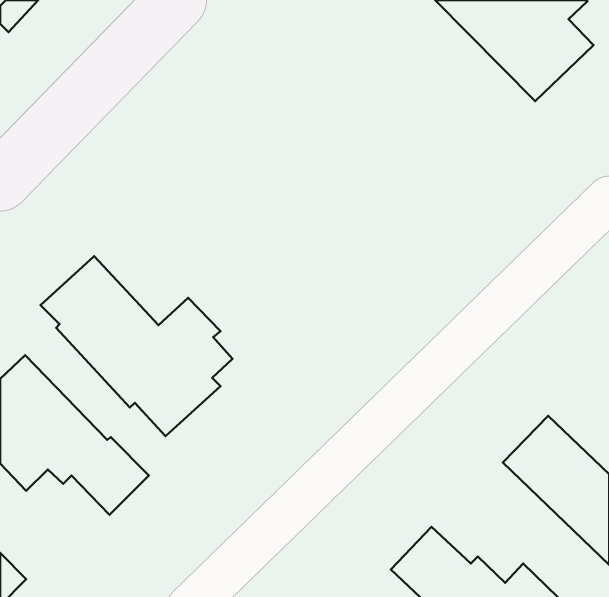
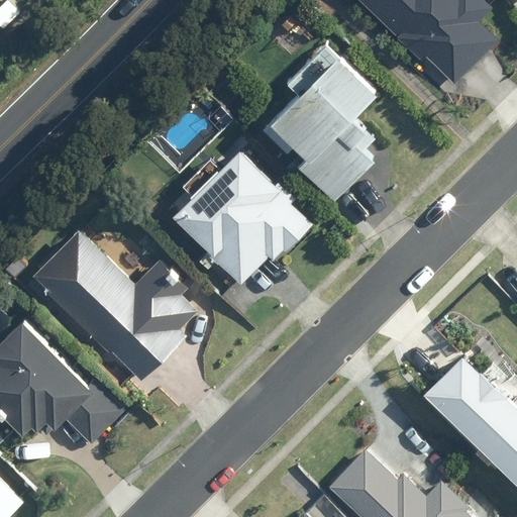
building: none -> [262,45,376,198]
building: none -> [174,142,311,284]

